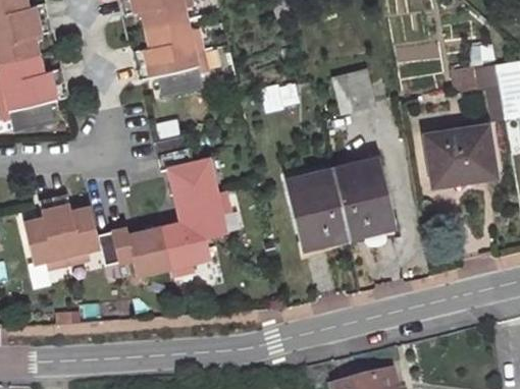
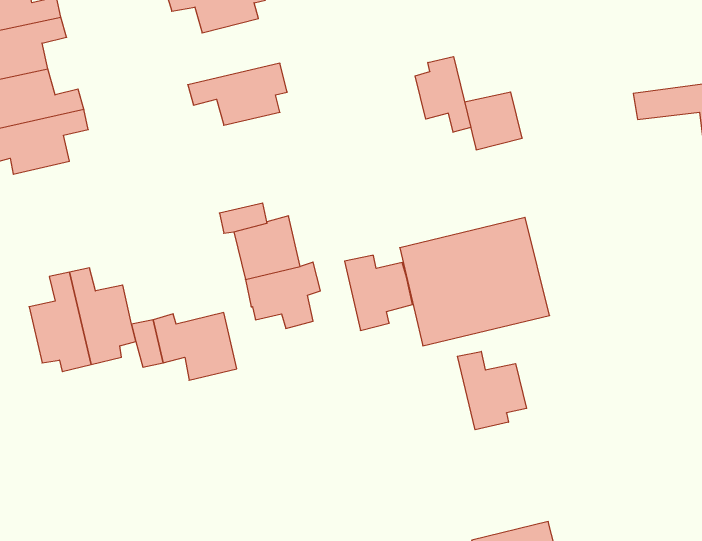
building: [134,18,202,65] -> none
building: none -> [415,57,471,132]
building: [425,125,496,182] -> none
building: [162,222,210,275] -> [345,255,412,330]
building: none -> [457,351,527,430]

